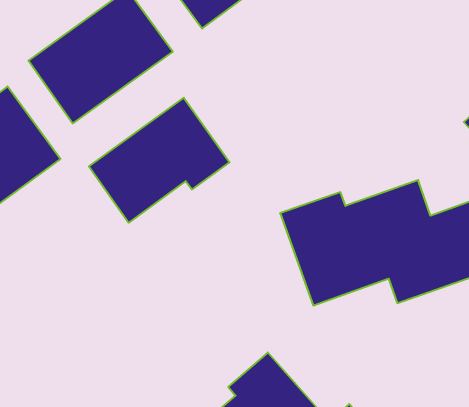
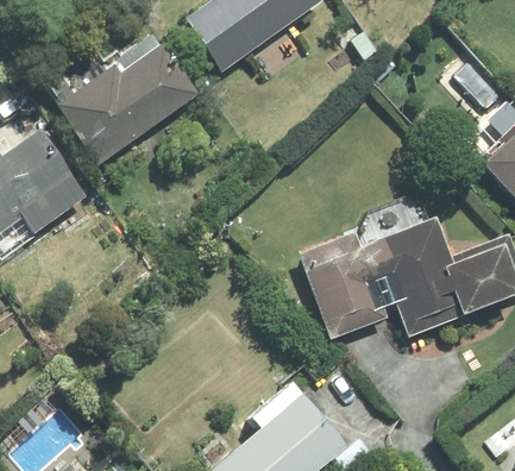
building: [89,98,230,223] -> none

